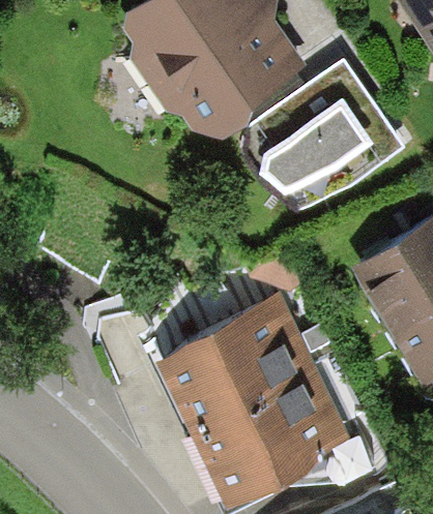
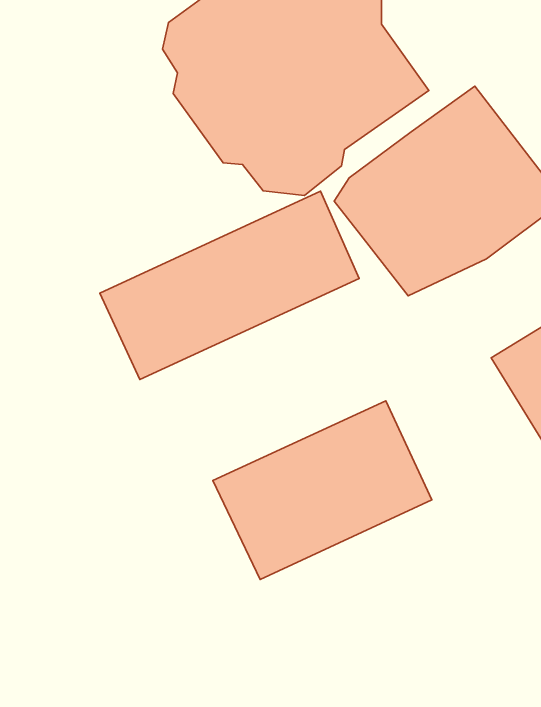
building: none -> [100,191,359,380]
building: [192,363,346,492] -> none

